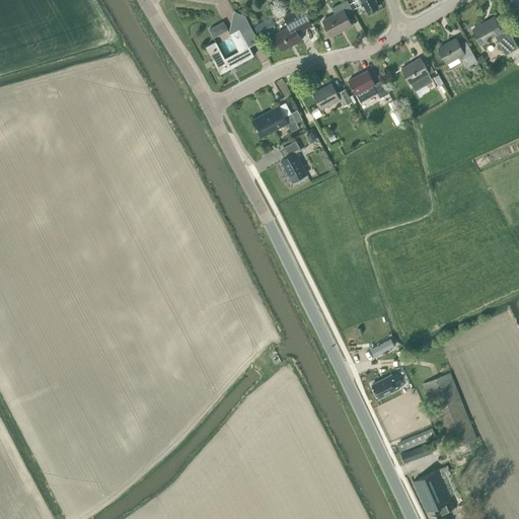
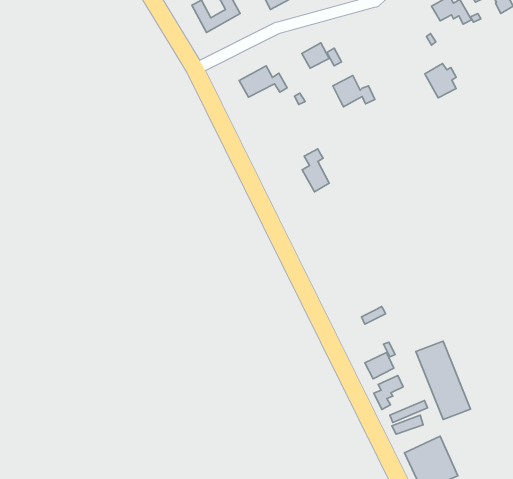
building: [401,58,432,91] -> [425,63,456,98]
building: [348,71,388,101] -> [333,75,375,107]
building: [280,141,306,182] -> [302,149,329,192]
building: none -> [374,375,403,409]

